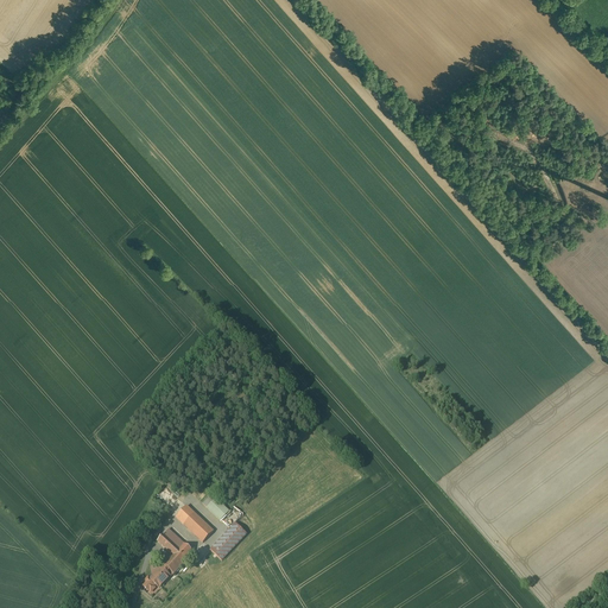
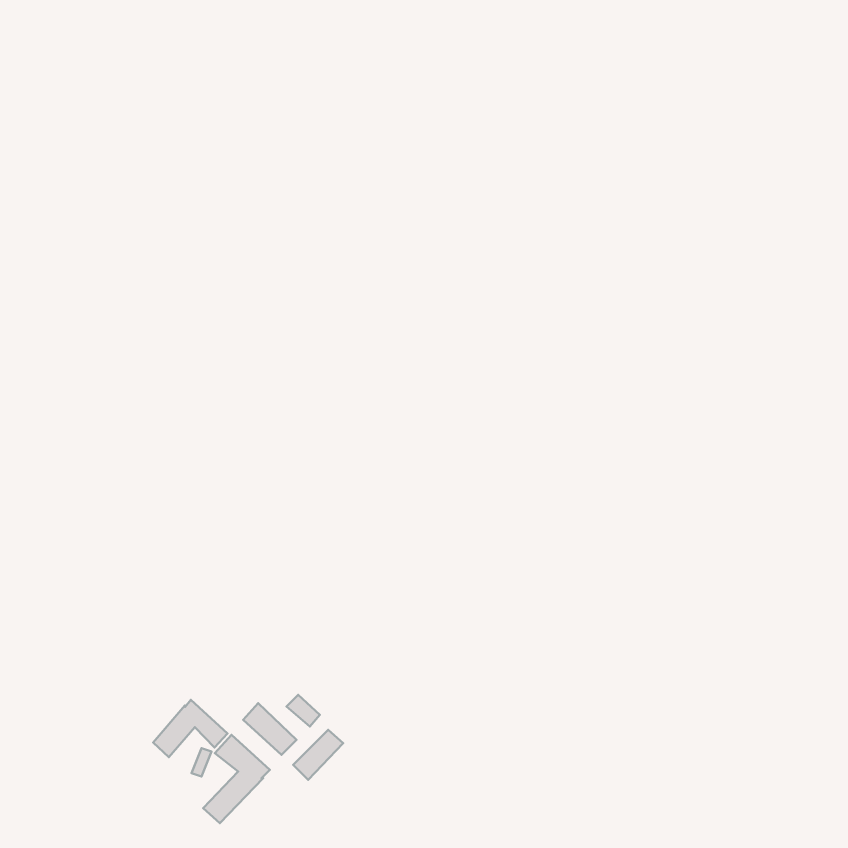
building: none -> [153,700,228,757]

